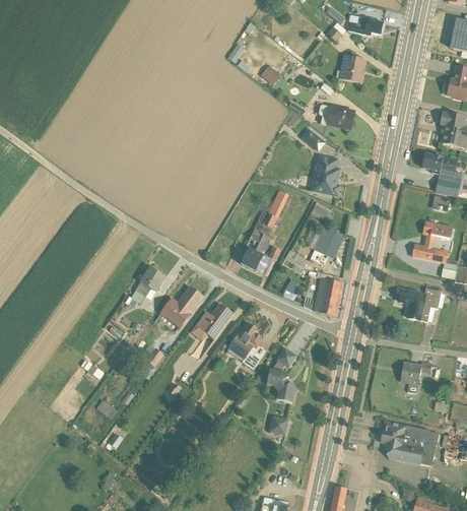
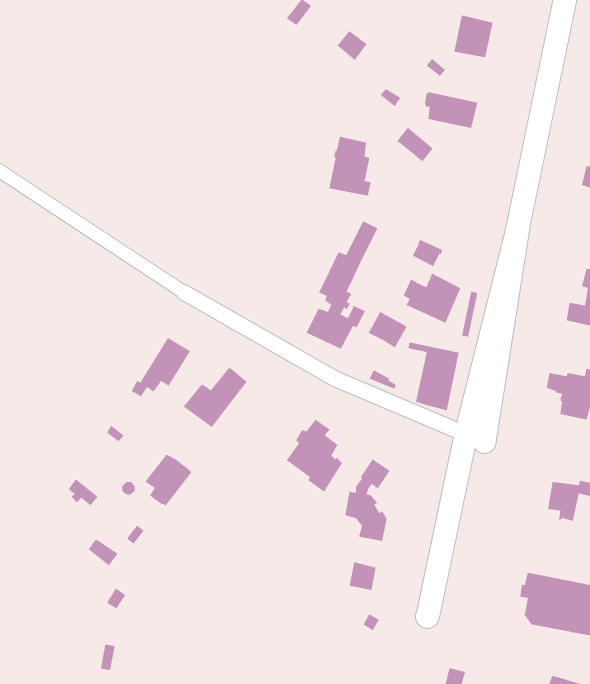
building: [311,155,339,195] -> [329,136,372,196]
building: [190,303,232,340] -> none

